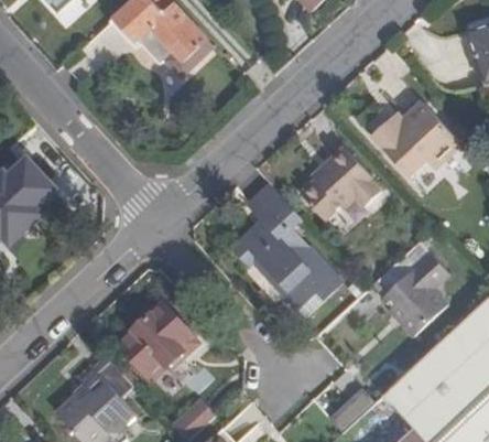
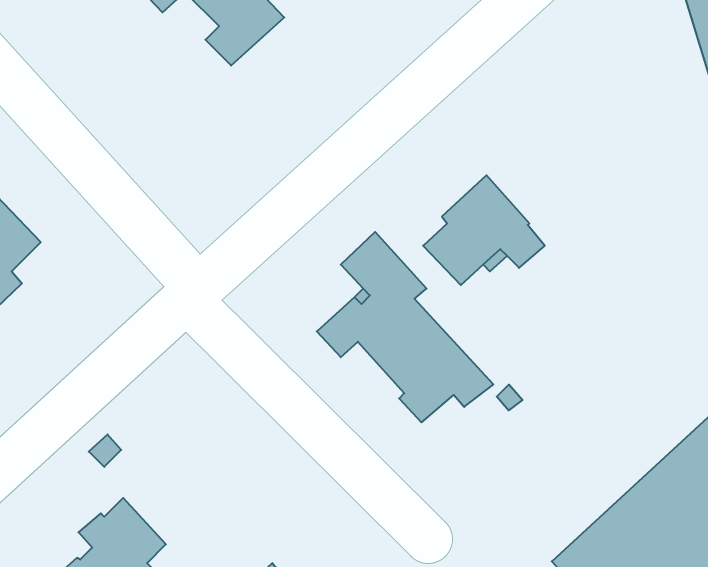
building: [367,99,461,182] -> none
building: [374,242,449,336] -> none
building: [117,302,202,387] -> none

